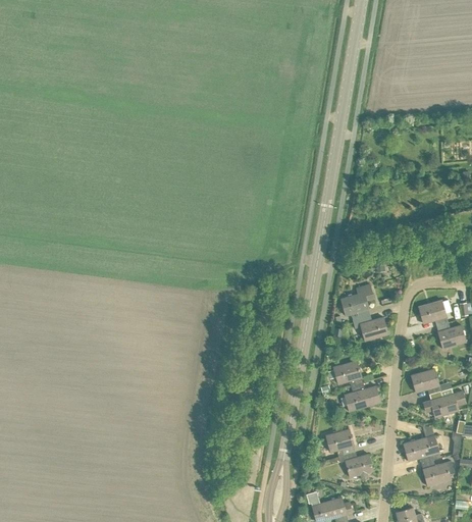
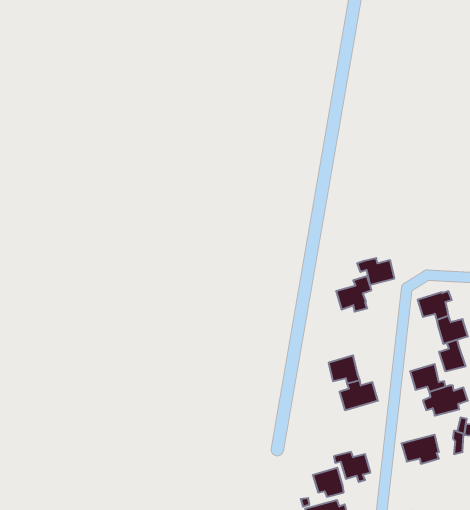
building: [352,315,387,341] -> [357,258,394,285]
building: none -> [439,340,465,371]
building: [325,428,355,456] -> [313,468,344,497]
building: [421,460,454,485] -> none

